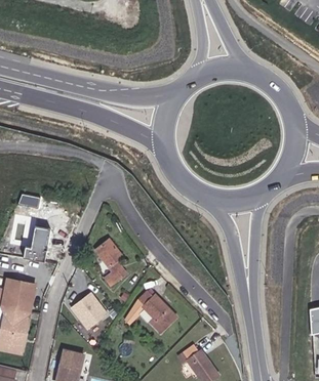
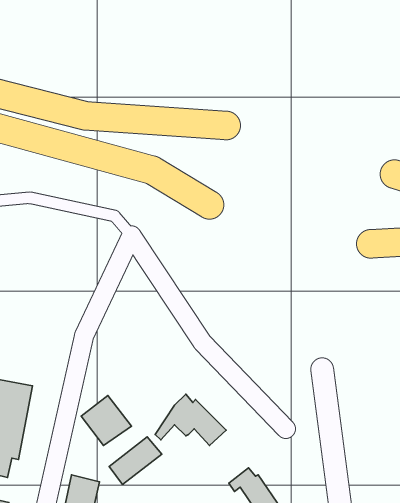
building: [24,225,50,261] -> none
building: [95,240,123,286] -> none
building: none -> [109,437,162,485]

